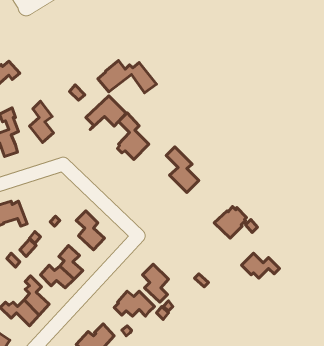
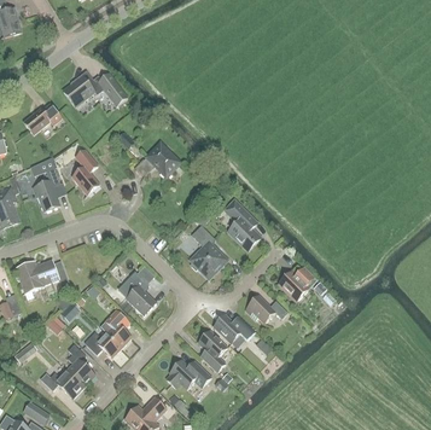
building: [98,60,157,93] -> [63,70,128,106]
building: [117,113,149,159] -> [191,225,226,277]
building: none -> [214,314,255,343]
building: [241,253,279,278] -> [245,295,287,322]

